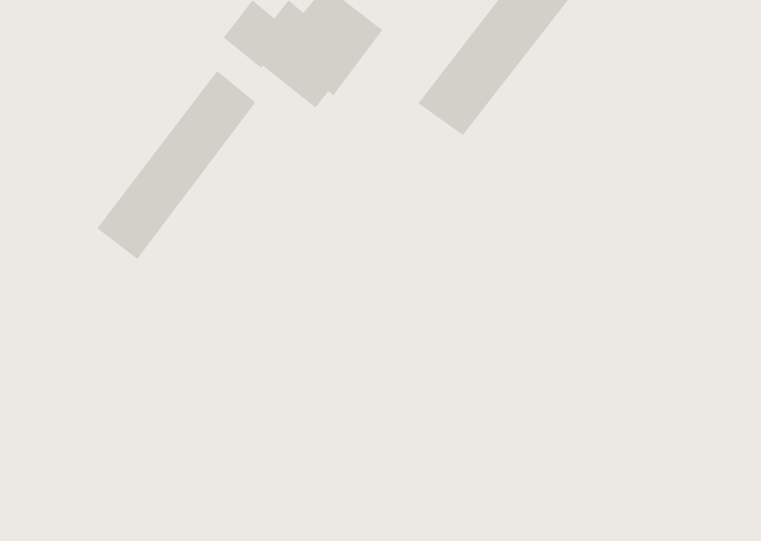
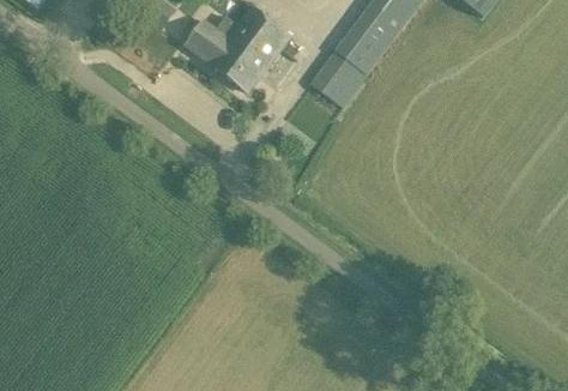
building: [97,70,256,260] -> none

